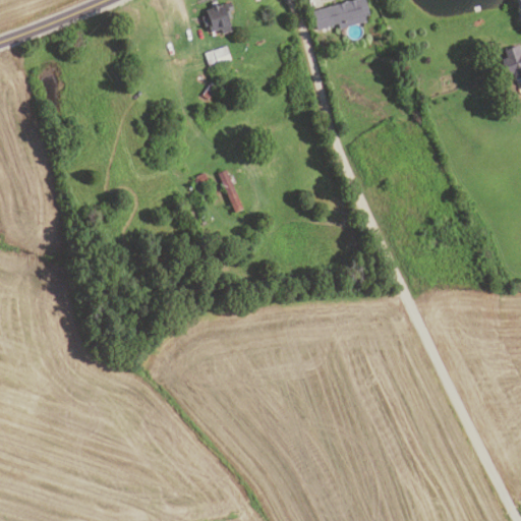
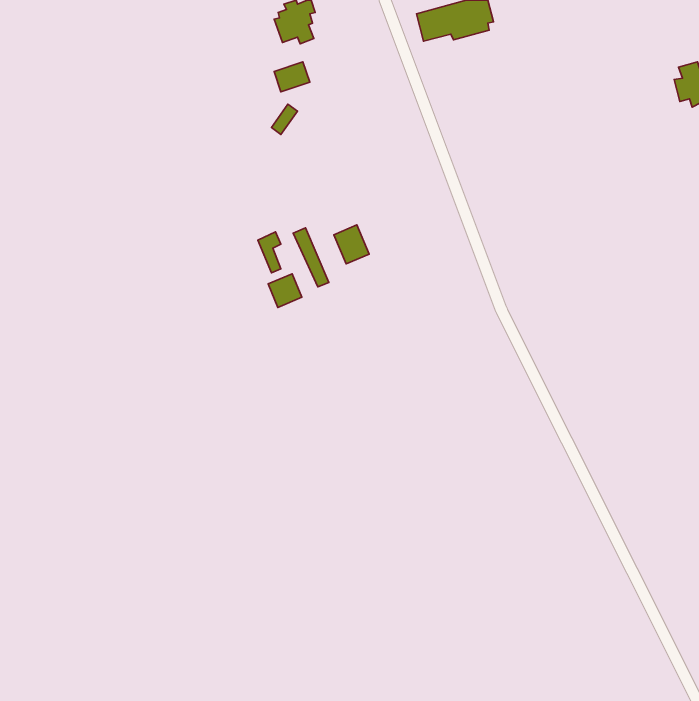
building: none -> [334,225,369,264]
building: none -> [268,274,302,307]

